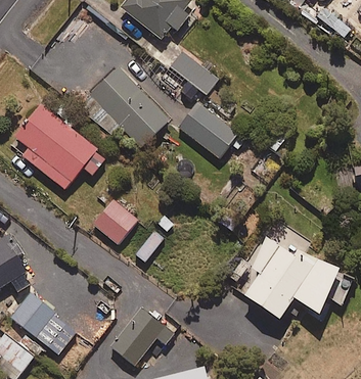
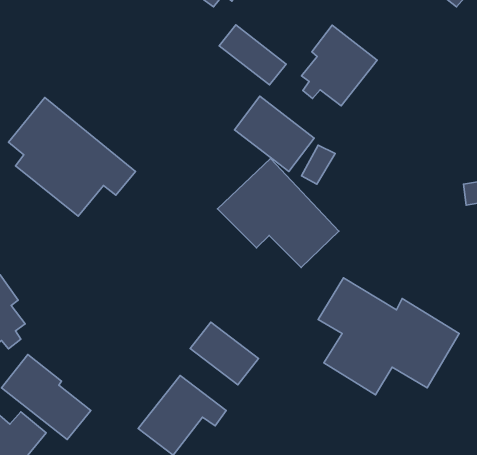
building: none -> [302,25,377,106]
building: [80,67,169,147] -> [218,159,339,268]
building: [92,198,137,243] -> none
building: none -> [190,322,258,385]

